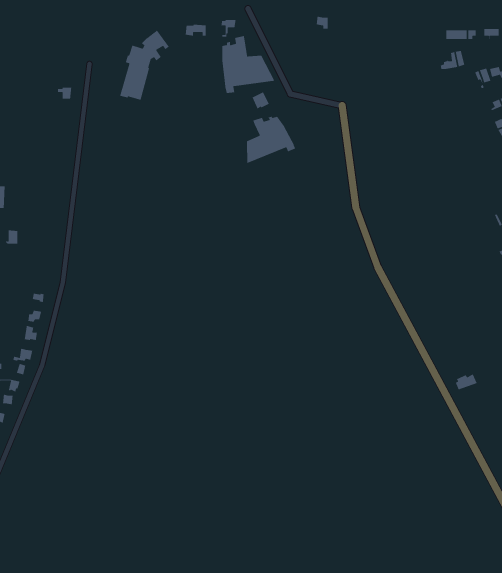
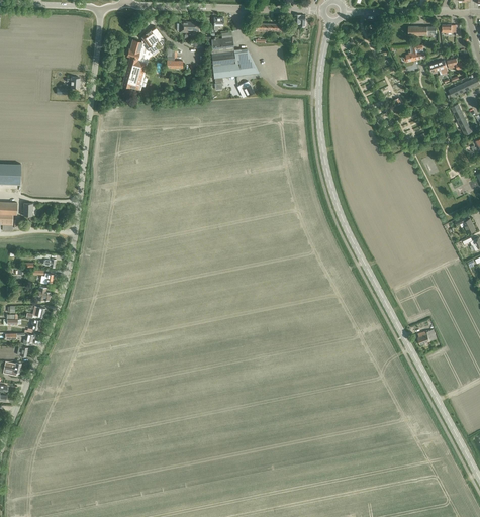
building: [246,116,296,164] -> none

